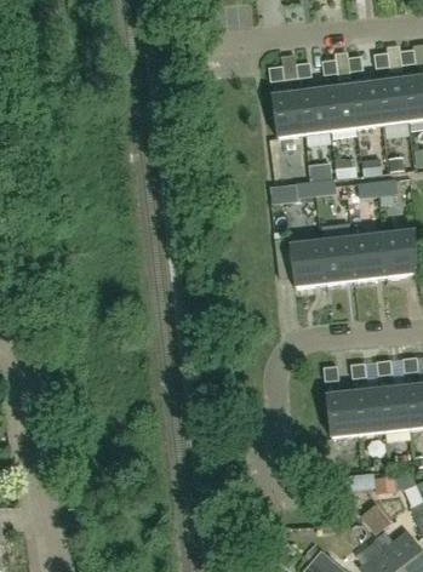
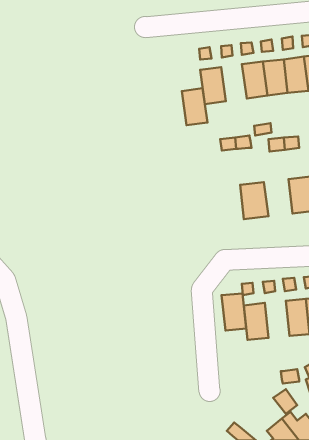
building: [297,86,330,133] -> [182,88,207,125]
building: [351,233,388,280] -> none
building: [290,240,326,286] -> none
building: [353,388,384,435] -> [222,293,246,330]

